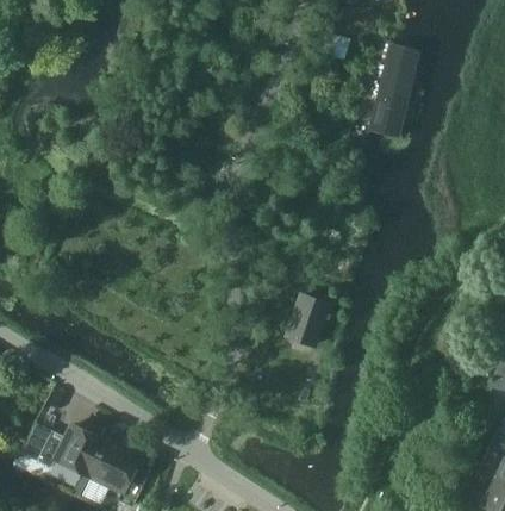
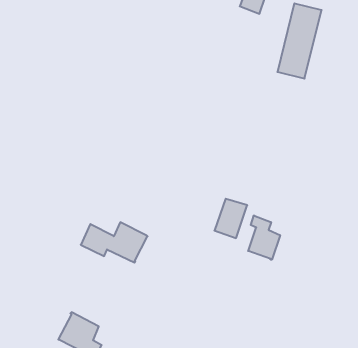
building: none -> [248,215,280,260]
building: [20,423,105,474] -> [81,222,148,263]

